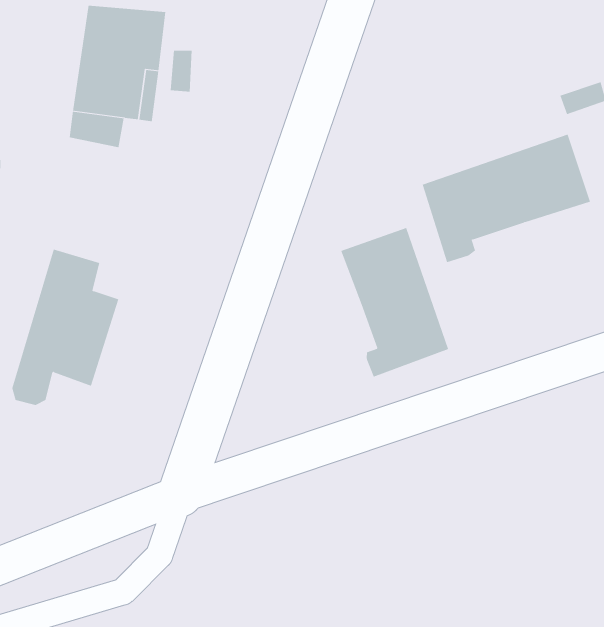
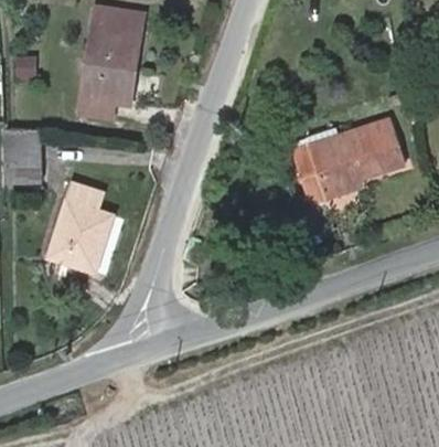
building: [341,227,449,378] -> none

